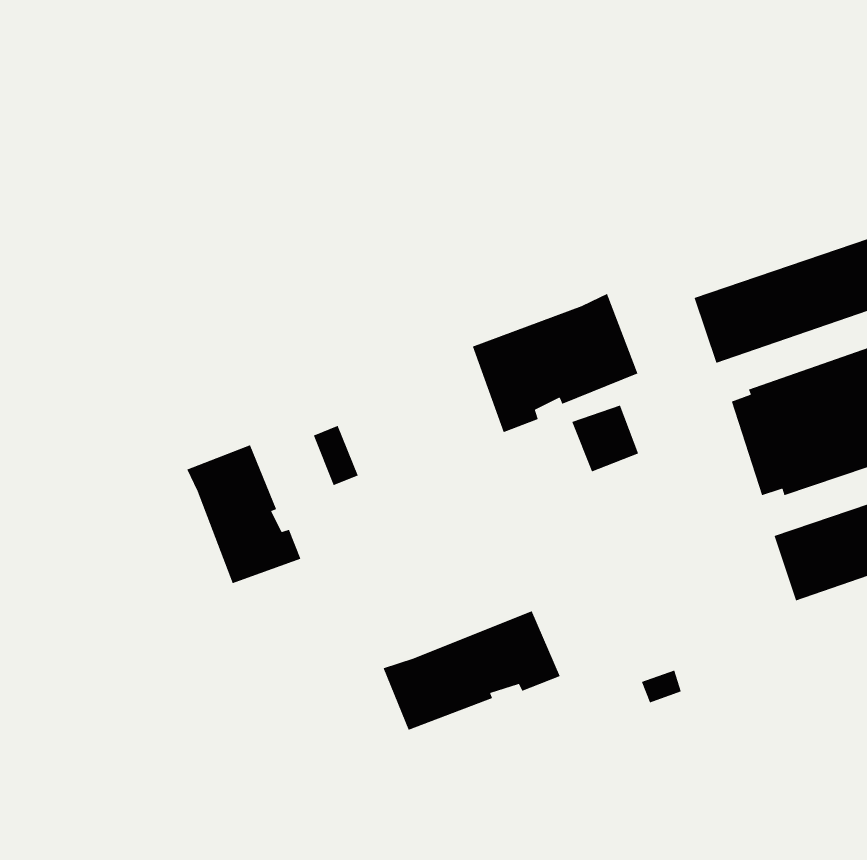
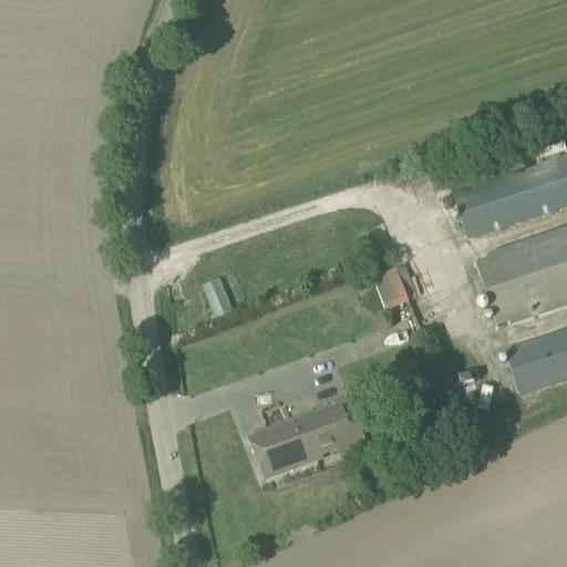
building: [472,293,638,433] -> none
building: [186,444,301,584] -> none

